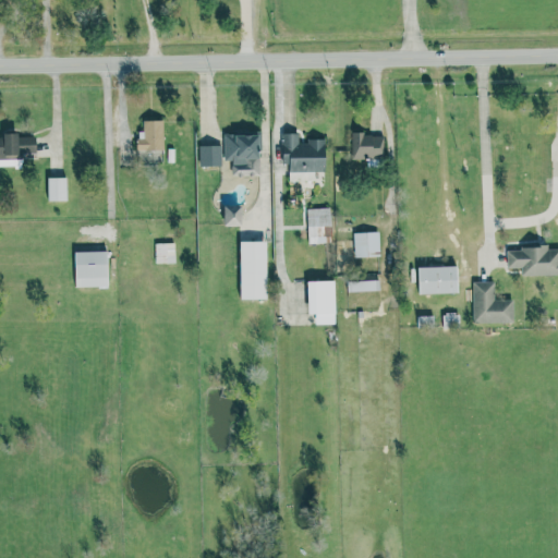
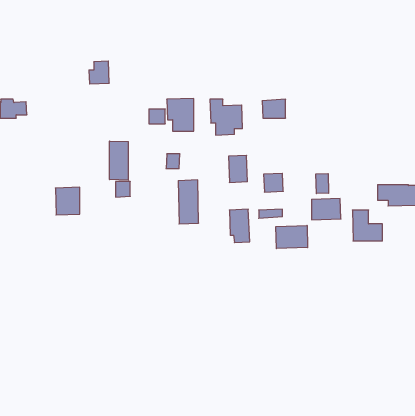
building: [137,120,165,150] -> [89,61,109,84]
building: [48,178,68,201] -> none
building: none -> [110,141,128,180]
building: none -> [316,174,329,194]
building: none -> [276,225,308,249]

